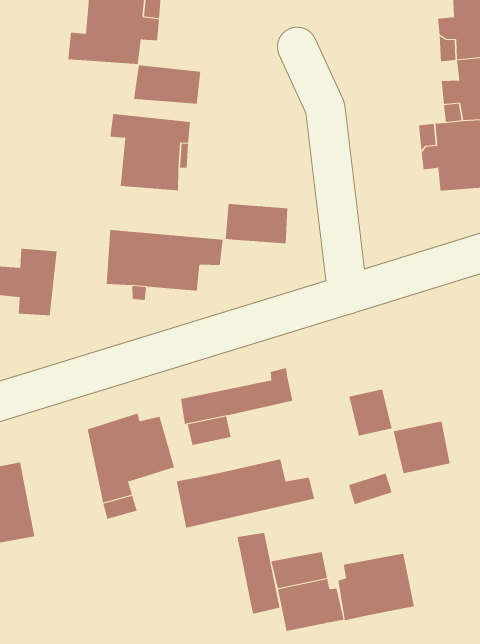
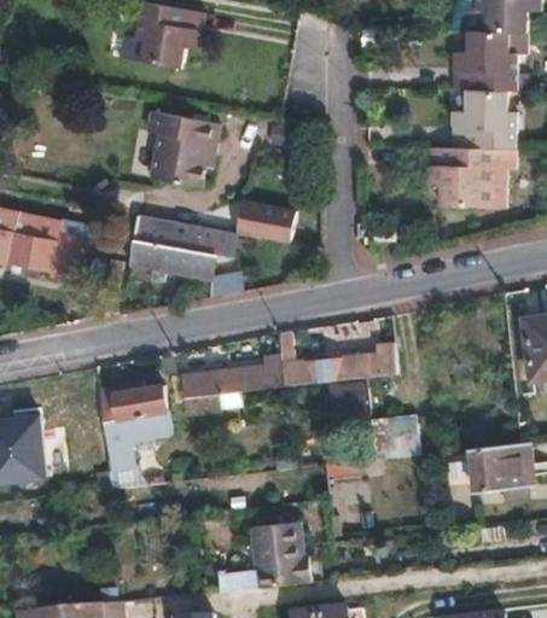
building: [134,65,201,105] -> none
building: none -> [283,338,397,383]
building: [176,458,315,529] -> none
building: [237,532,280,614] -> none
building: [338,553,414,621] -> none

